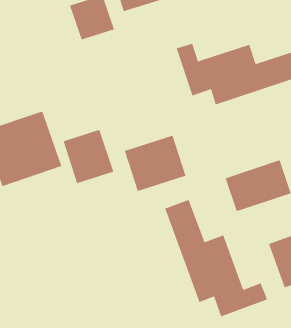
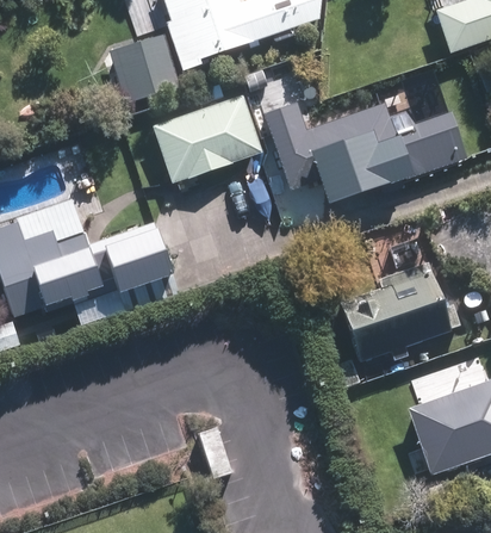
building: none -> [151,97,259,181]
building: [124,135,186,192] -> none
building: [165,199,268,317] -> none

